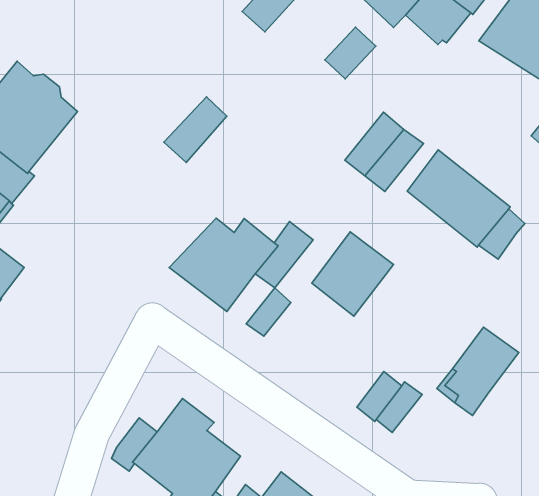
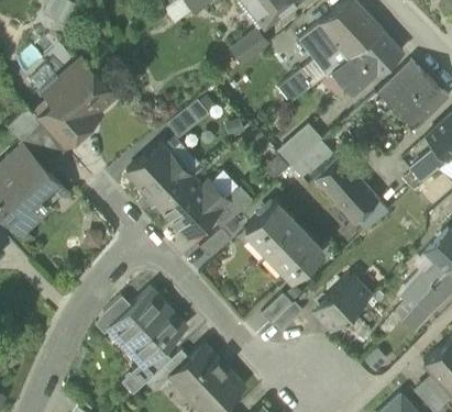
building: none -> [126,145,191,204]
building: none -> [268,226,323,281]

